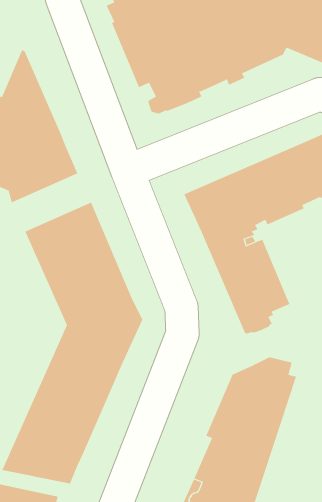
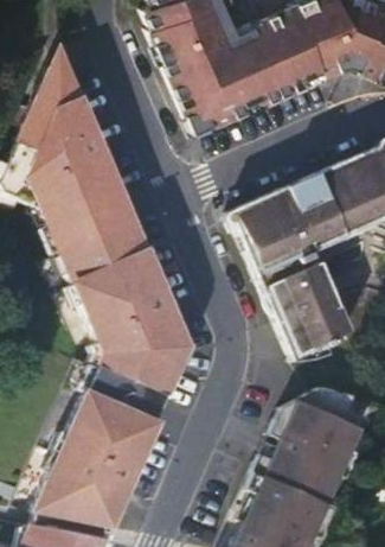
building: none -> [49,190,135,253]

